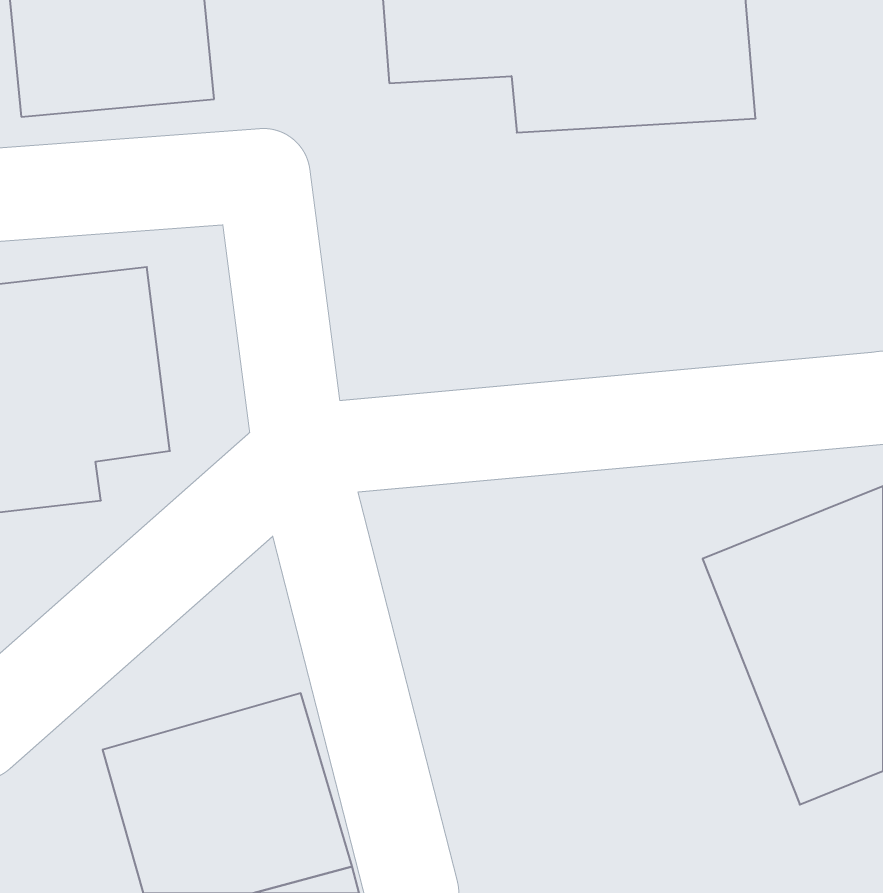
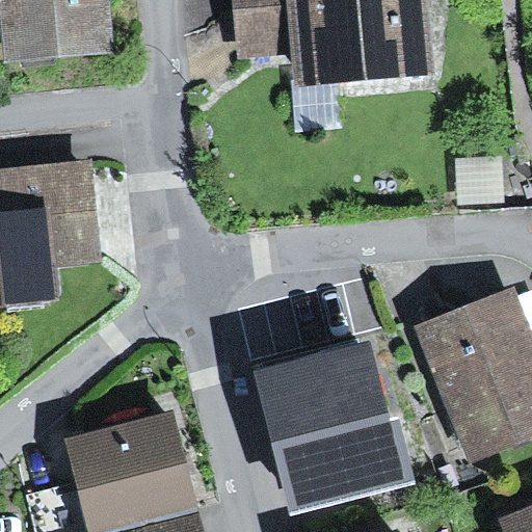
building: none -> [254,342,415,512]

